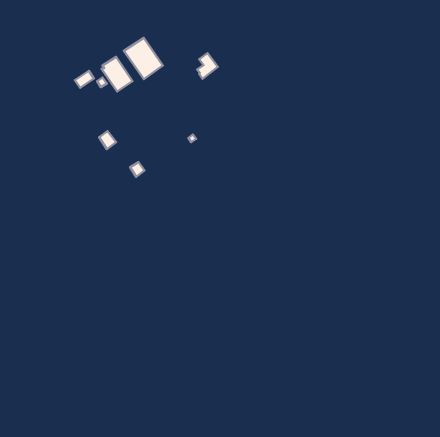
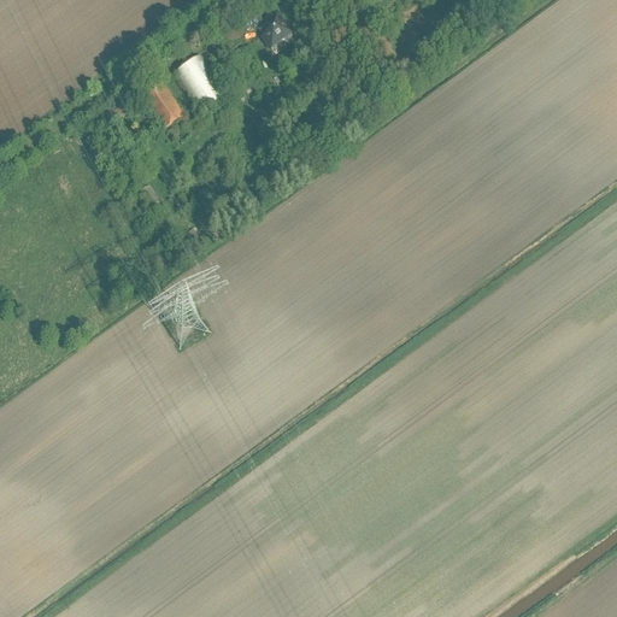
building: [197,53,218,79] -> [263,11,292,47]

